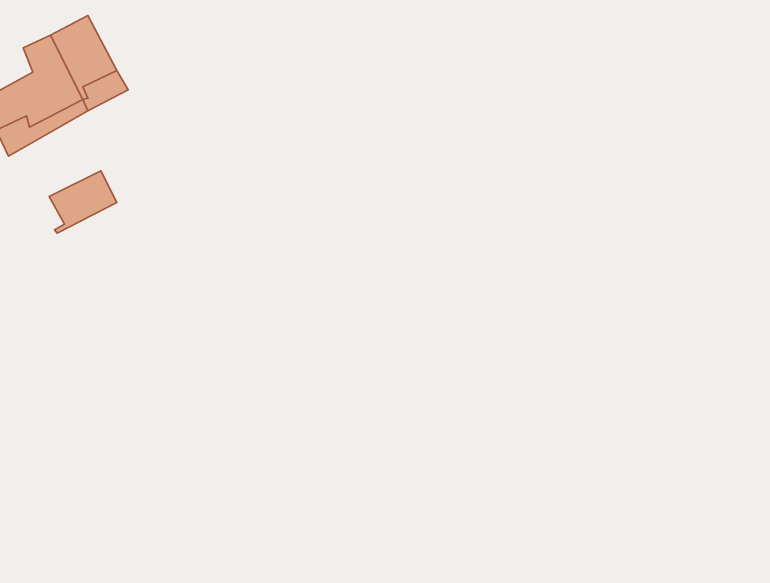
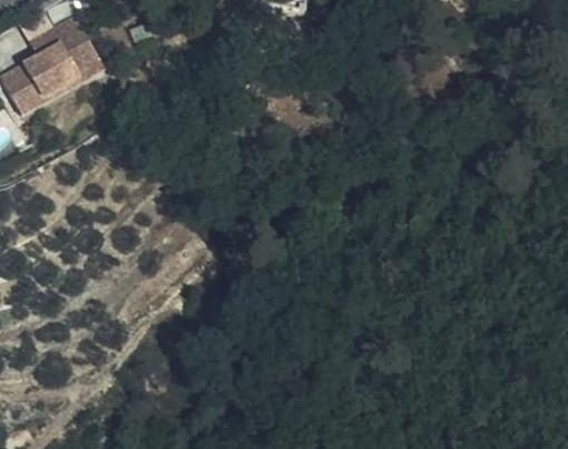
building: [49,171,117,233] -> none

